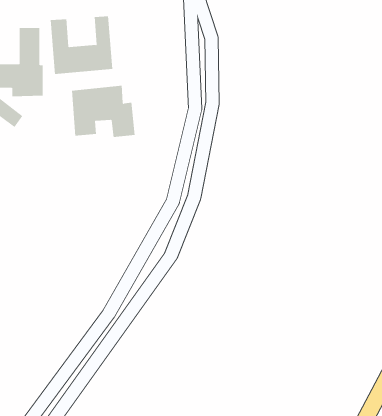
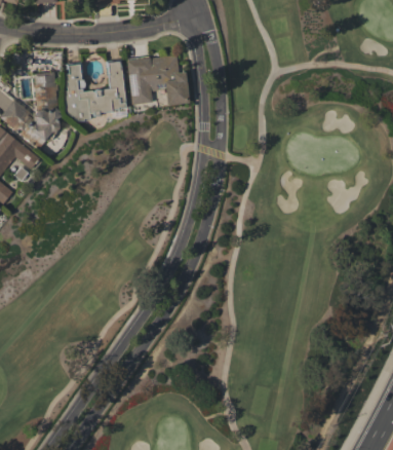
building: [71,85,135,137] -> [127,54,189,105]

